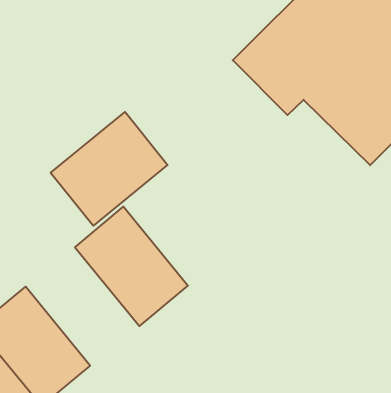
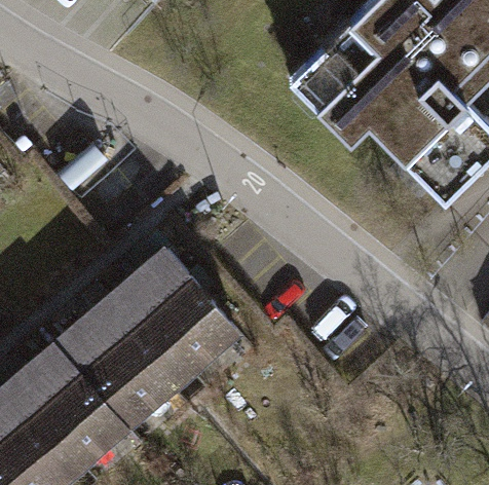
building: [51,112,168,226] -> none
building: none -> [57,295,187,431]

